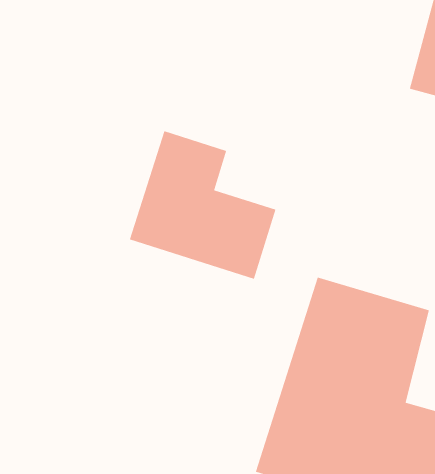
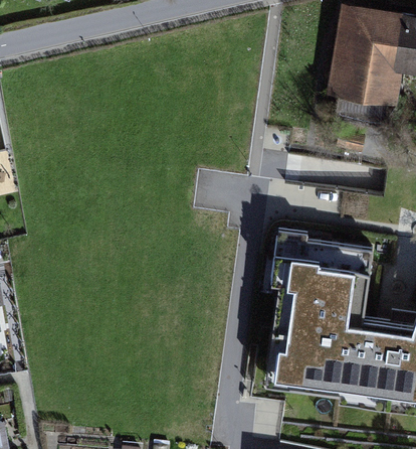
building: [129,130,276,280] -> none

